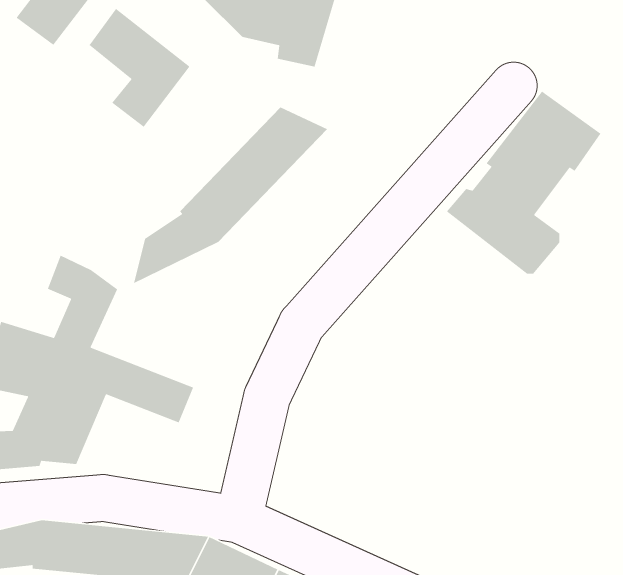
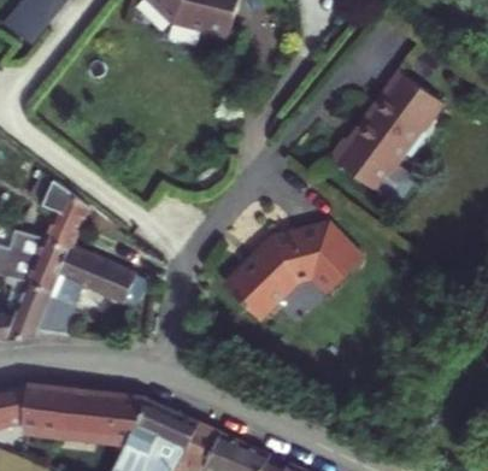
building: [89,8,190,128] -> none
building: [133,107,328,285] -> none
building: none -> [227,237,363,331]

